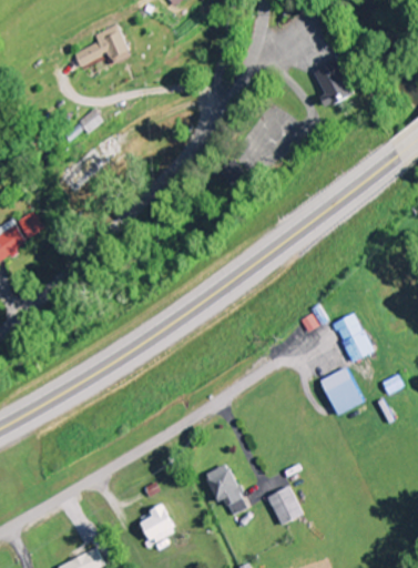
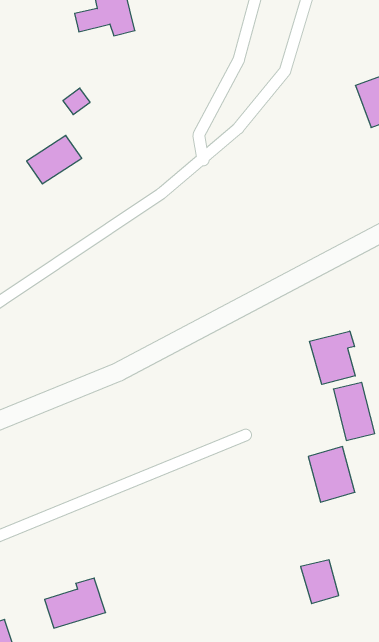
building: none -> [310,331,355,384]
building: [205,464,248,515] -> none
building: [268,487,303,525] -> [301,560,339,604]

